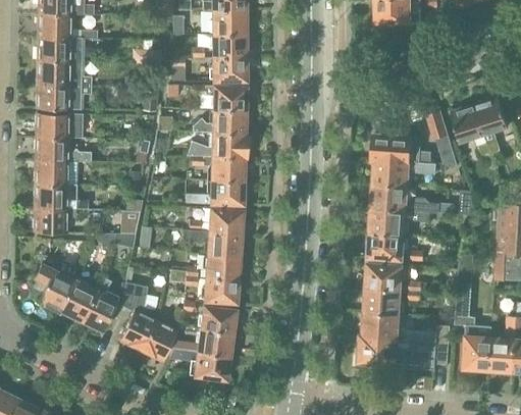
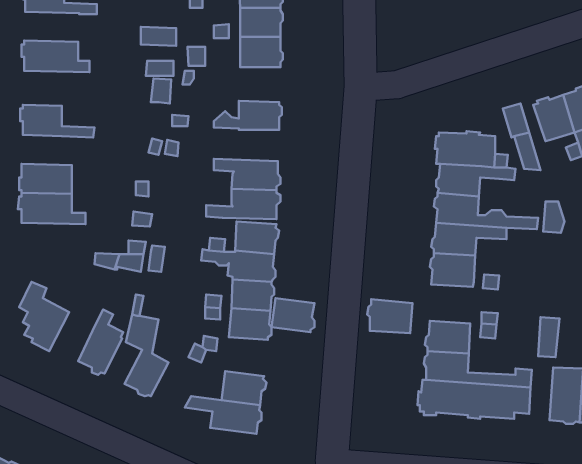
building: [36,37,83,61] -> none
building: [35,85,91,109] -> none
building: [193,85,248,110] -> none
building: [186,133,250,158] -> none
building: [34,137,91,162] -> none
building: [33,208,88,232] -> none
building: [365,262,402,290] -> [367,299,413,333]
building: [58,280,96,320] -> none
building: [201,305,236,332] -> [272,298,314,332]
building: [141,321,176,360] -> none

